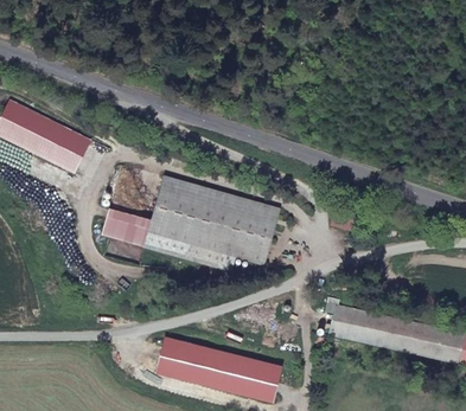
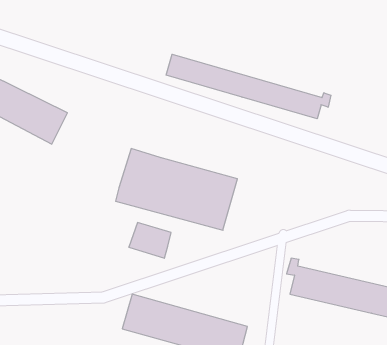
building: none -> [166,54,331,119]
building: [103,210,148,248] -> [129,223,171,258]

